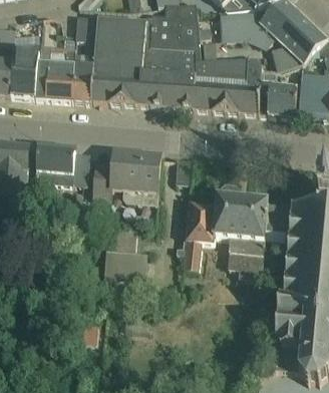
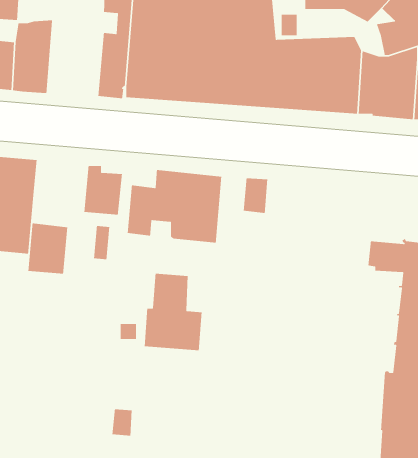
building: [35,44,75,99] -> none
building: [35,144,64,181] -> [28,223,68,274]
building: [176,183,267,276] -> none

